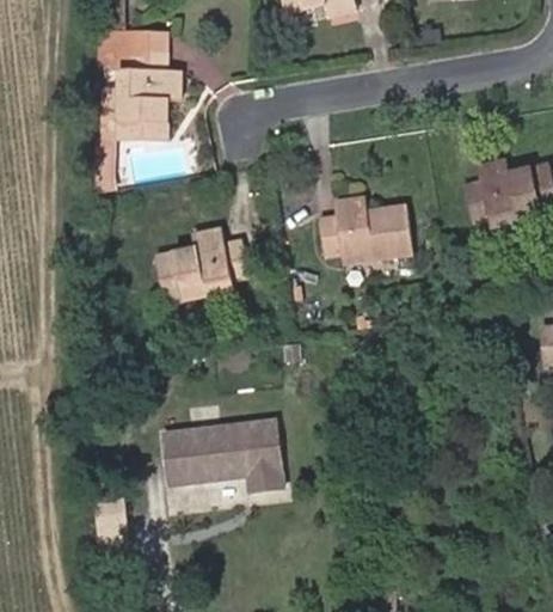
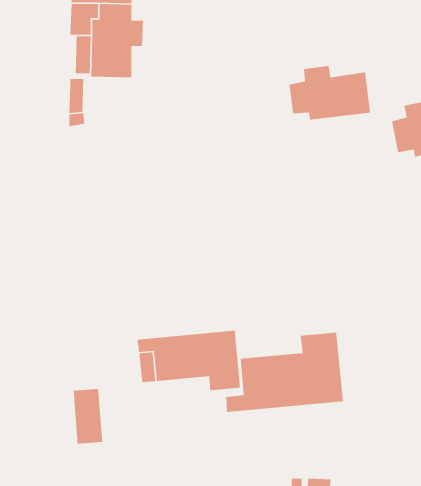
building: [318,196,412,259] -> [288,65,371,121]
building: [154,227,248,300] -> none
building: none -> [226,332,344,413]

